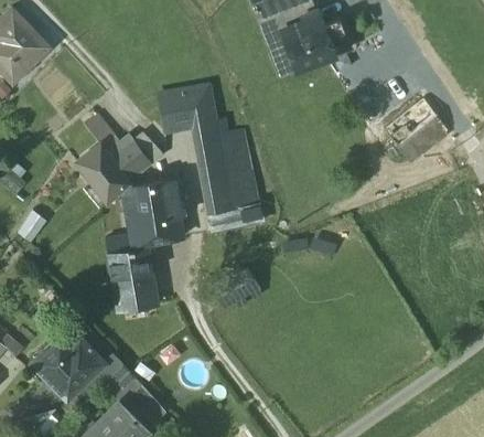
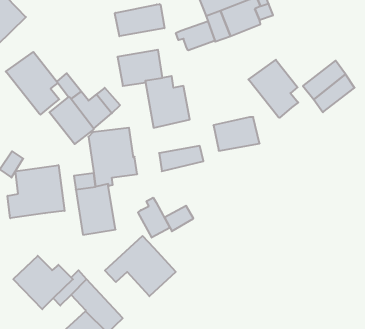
building: none -> [115,4,164,36]
building: none -> [176,21,215,50]
building: none -> [6,52,59,115]
building: none -> [248,60,298,118]
building: [204,170,260,211] -> [213,117,260,151]
building: none -> [8,165,65,218]
building: none -> [138,198,170,238]
building: none -> [105,236,176,296]

